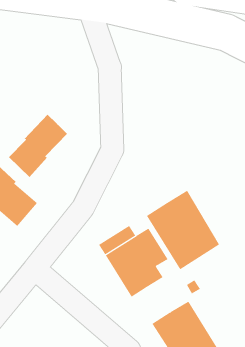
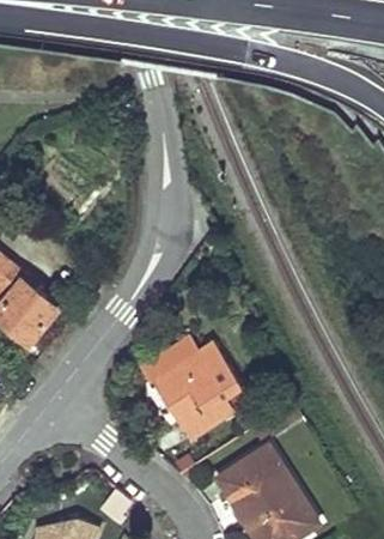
building: [8,114,68,178] -> none
building: [146,190,220,270] -> none

